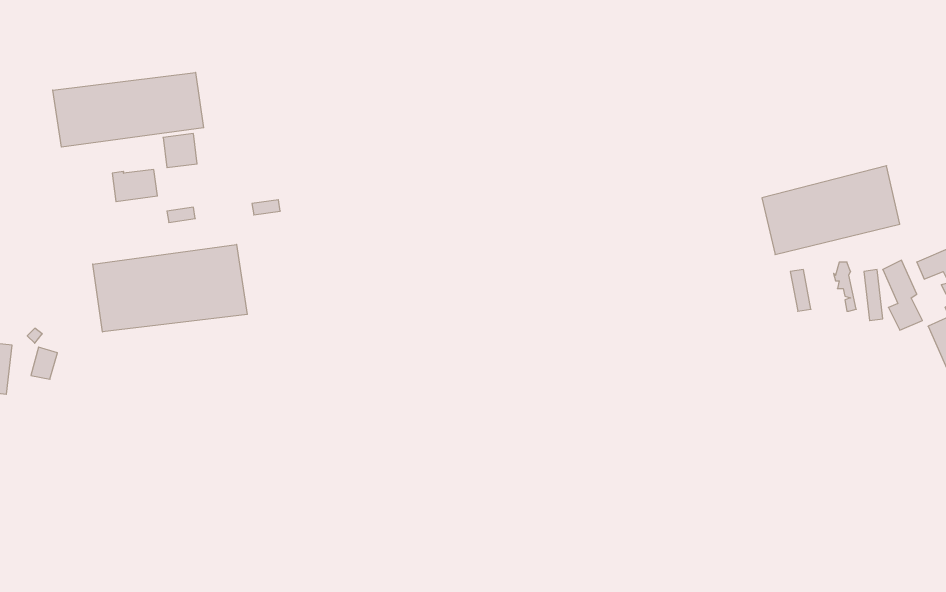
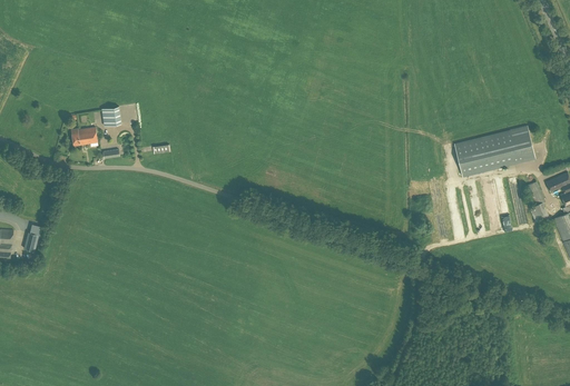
building: [53,72,204,147] -> none
building: [93,244,247,332] -> none

